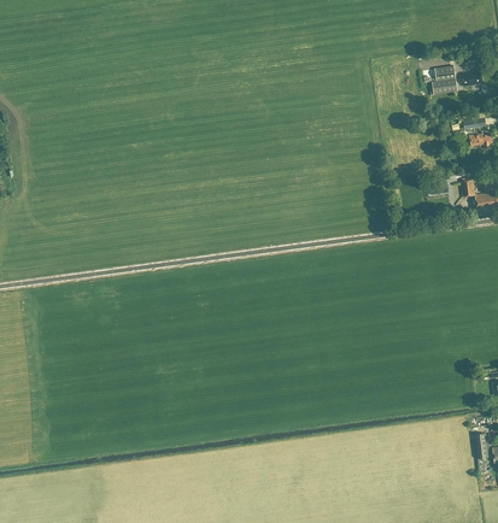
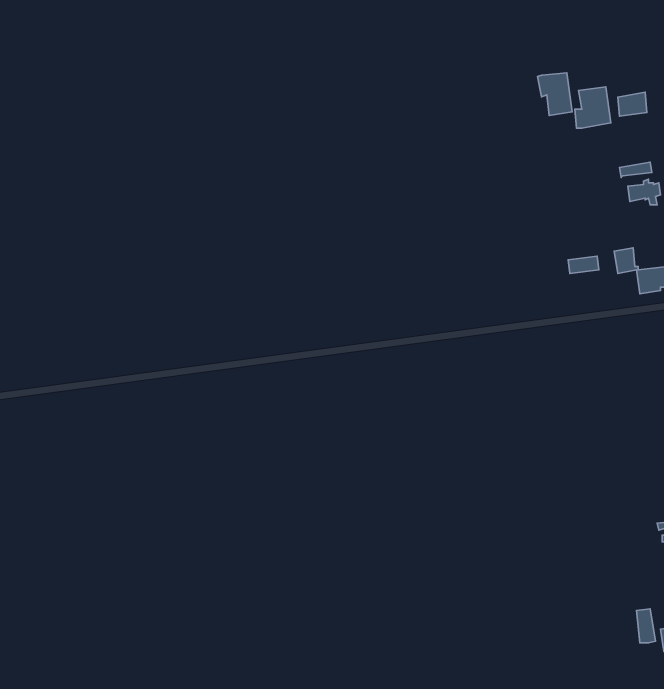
building: none -> [538,73,572,116]

